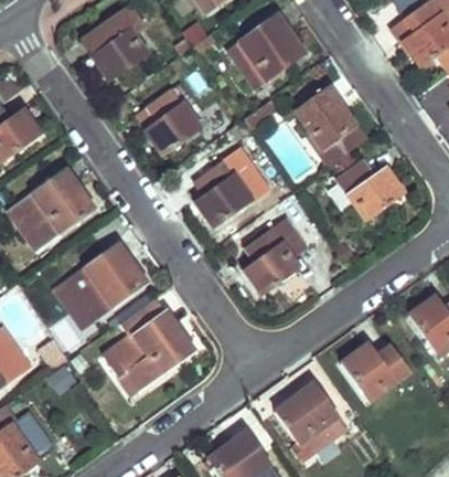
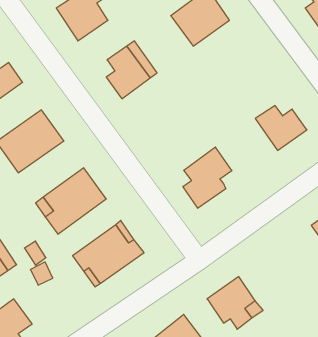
building: [296,85,365,160] -> none
building: [195,148,268,227] -> none
building: [342,344,409,401] -> none

